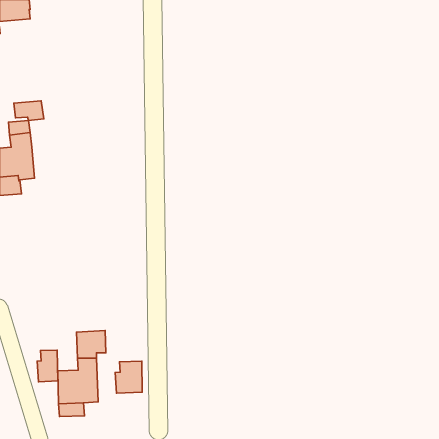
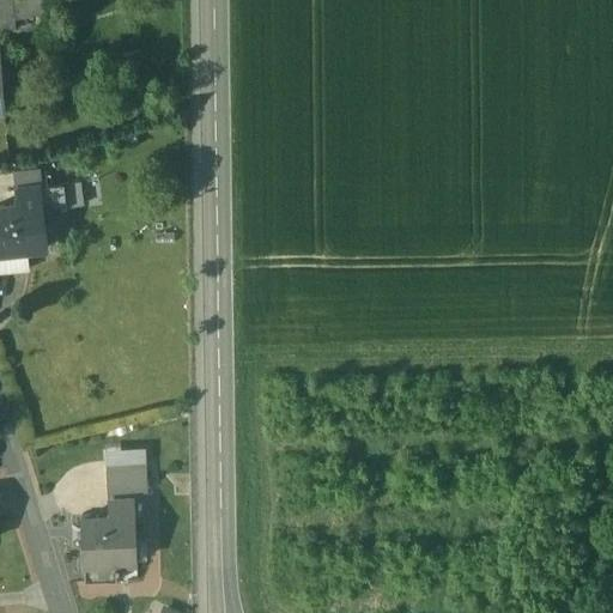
building: [14,101,44,121] -> [42,181,84,208]
building: [37,350,58,382] -> none
building: [115,361,142,393] -> none

